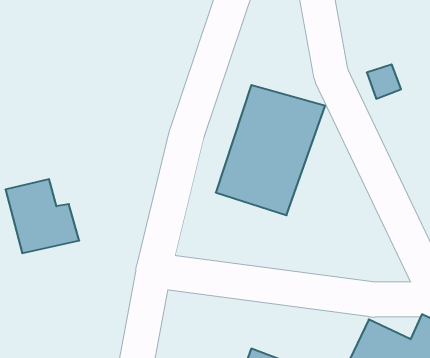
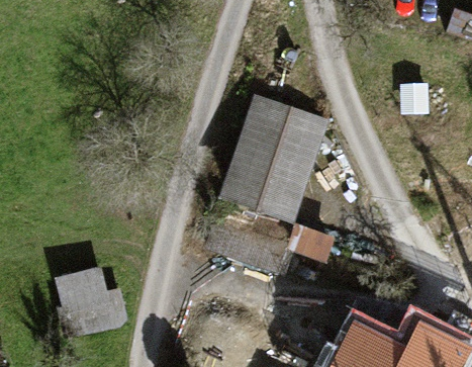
building: [5,179,79,253] -> [55,267,126,339]

